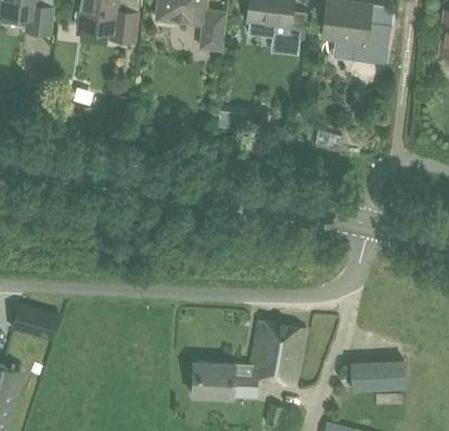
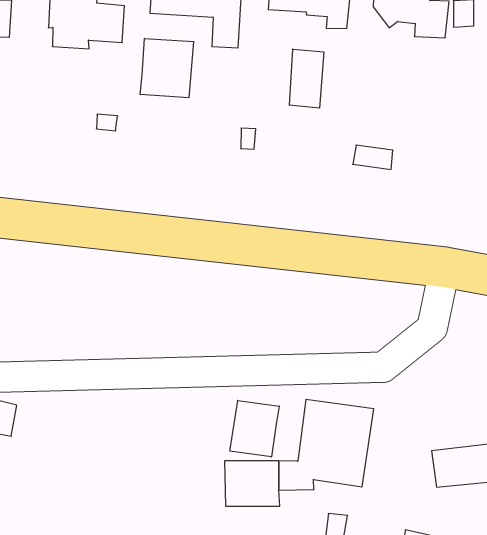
building: none -> [140,38,194,98]
building: none -> [290,49,324,108]
building: none -> [230,400,279,457]

